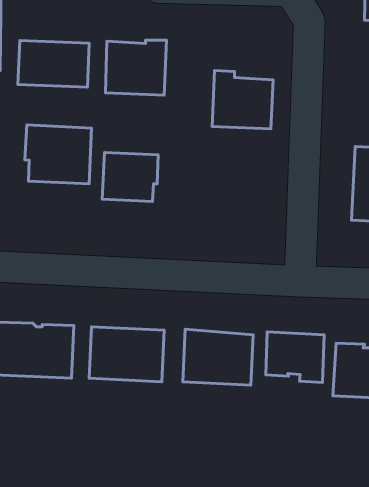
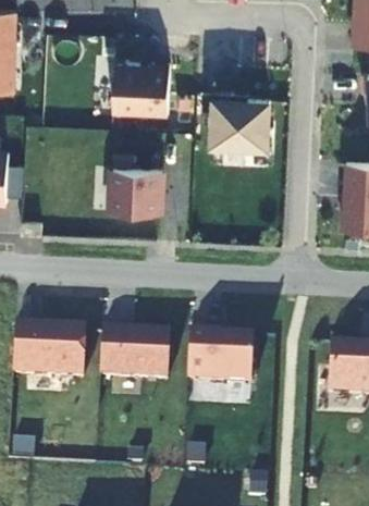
building: [18,40,89,87] -> none
building: [25,125,92,184] -> none
building: [266,332,324,383] -> none

